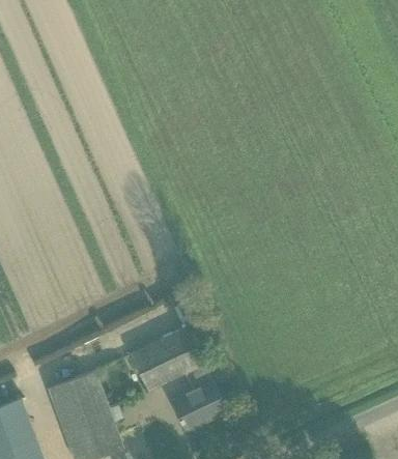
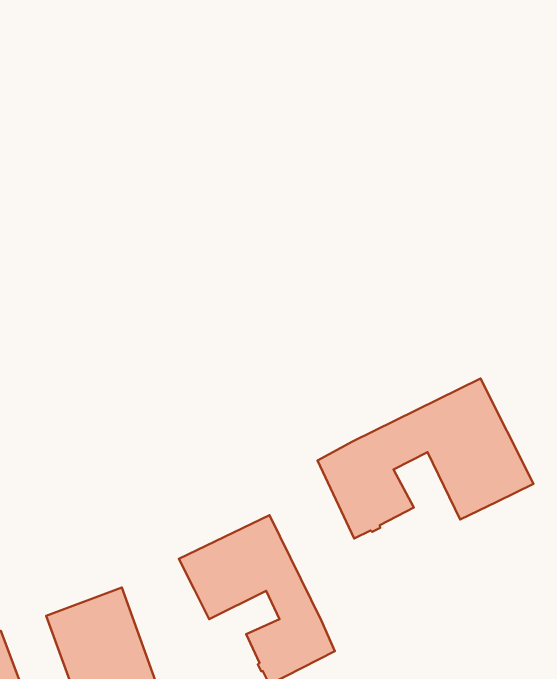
building: none -> [317,379,534,539]

